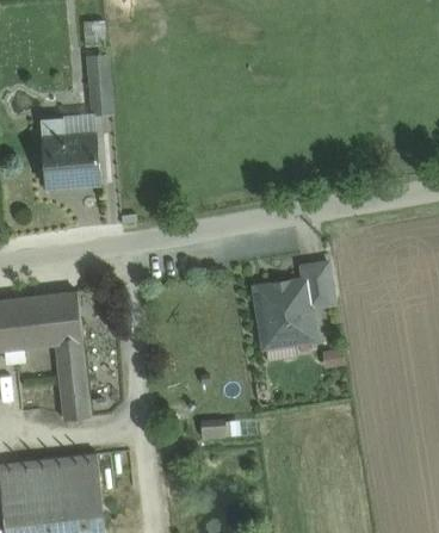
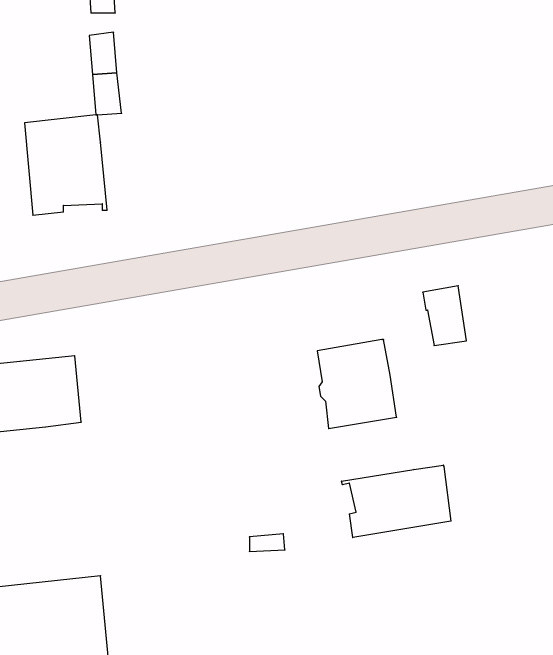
building: [301,262,333,306] -> [423,286,466,346]
building: [55,341,89,420] -> none
building: none -> [342,465,451,538]

